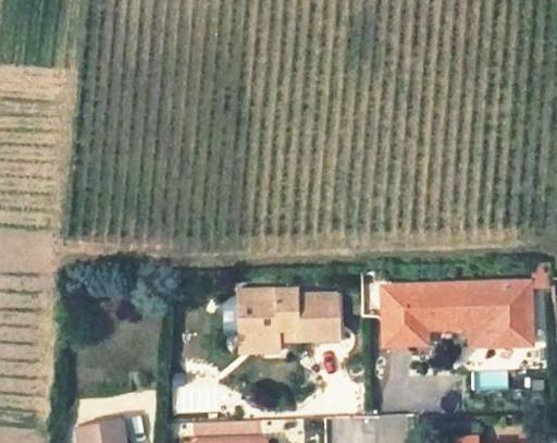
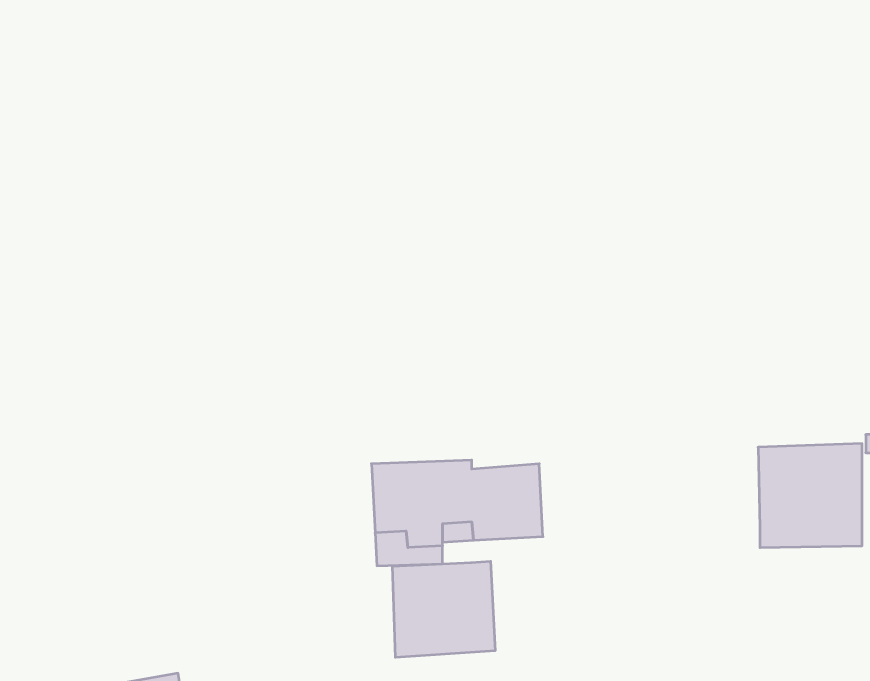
building: [384,283,469,342] -> none
building: none -> [393,561,495,657]

